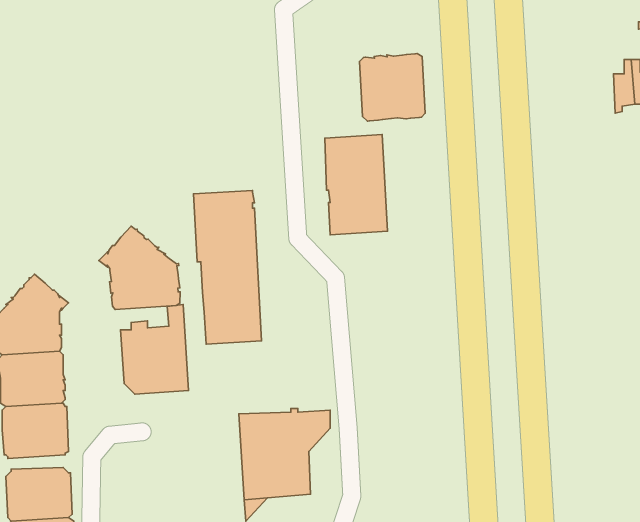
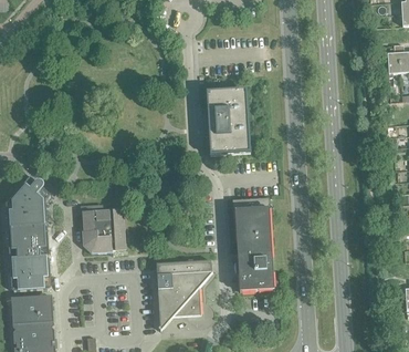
building: [360,54,425,121] -> none
building: [194,190,262,344] -> [232,197,274,292]
building: [99,226,180,309] -> none

